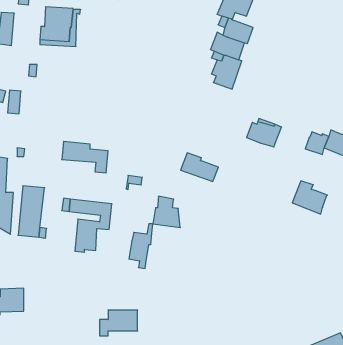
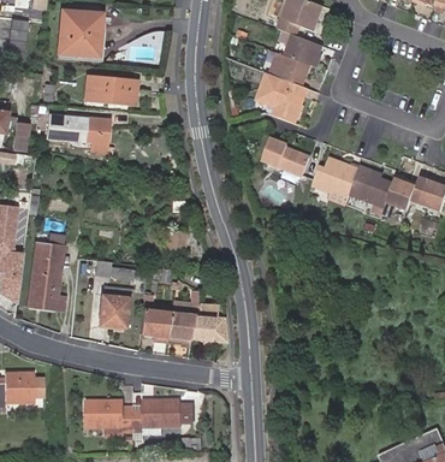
building: none -> [79,79,132,108]
building: [62,141,108,173] -> [43,118,102,158]
building: [181,153,218,181] -> [268,136,316,172]
building: [292,181,327,214] -> [352,162,397,205]
building: [153,196,180,228] -> [189,303,224,343]
building: none -> [140,309,171,336]
building: none -> [84,401,130,433]

